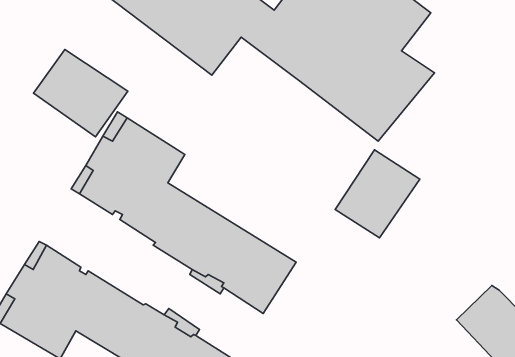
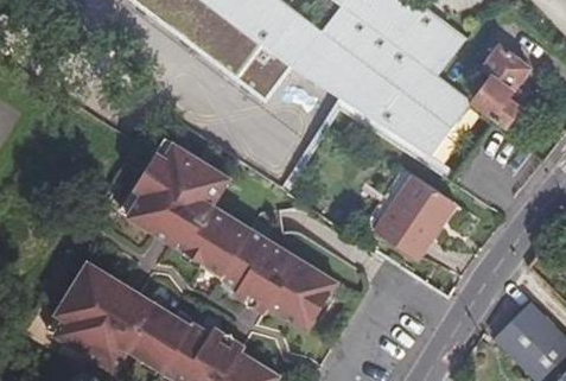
building: none -> [473,44,532,123]
building: [33,49,128,137] -> none

